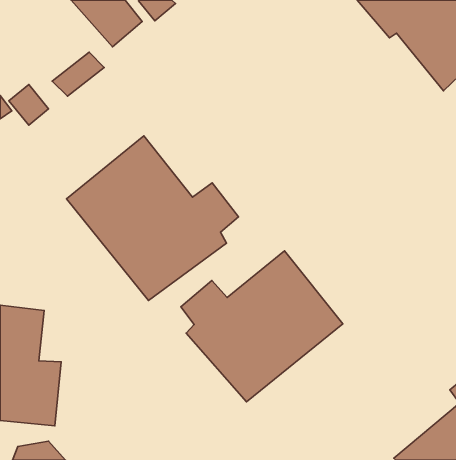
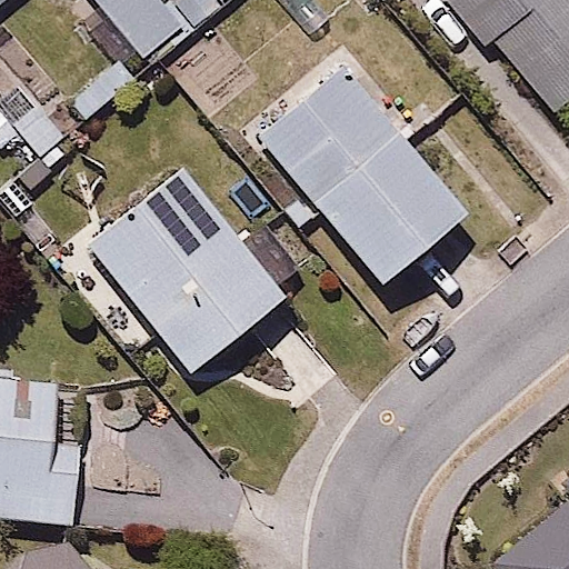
building: none -> [257,64,466,283]
building: [181,251,343,402] -> none

